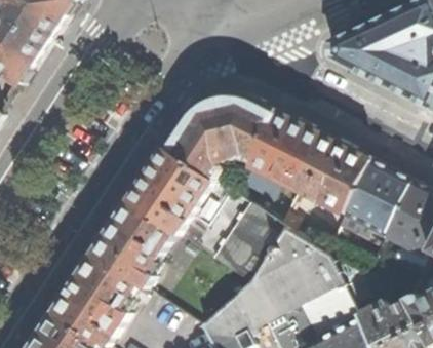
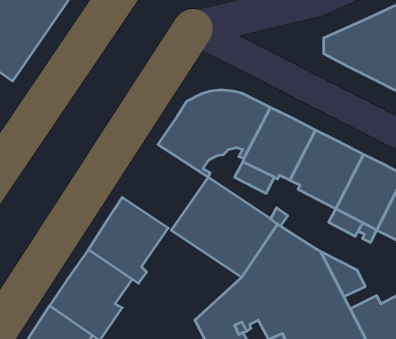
building: [127,149,213,235] -> none

